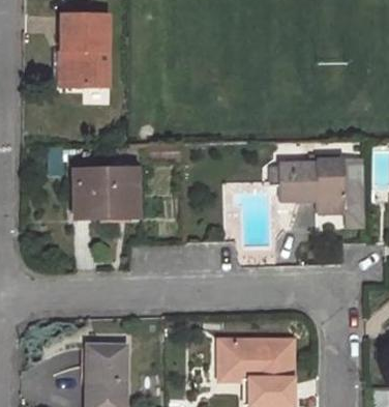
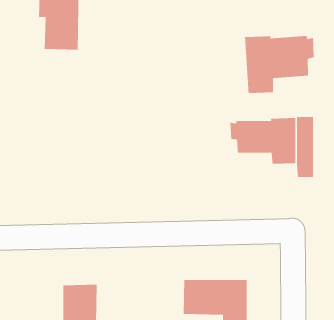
building: none -> [244,35,314,94]
building: [73,169,138,217] -> none

